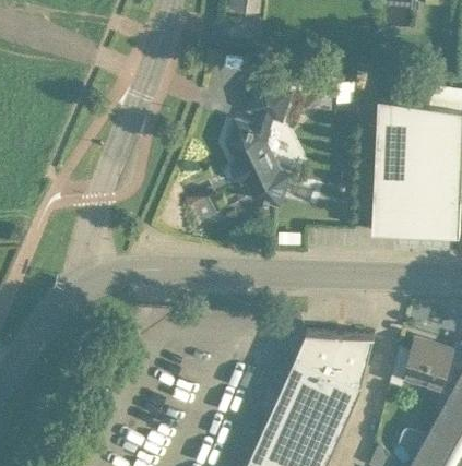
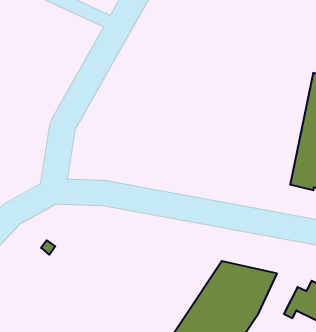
building: [228,85,293,211] -> none

